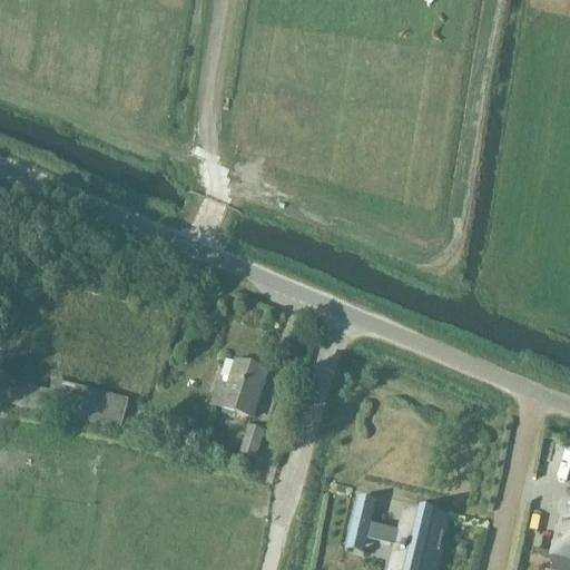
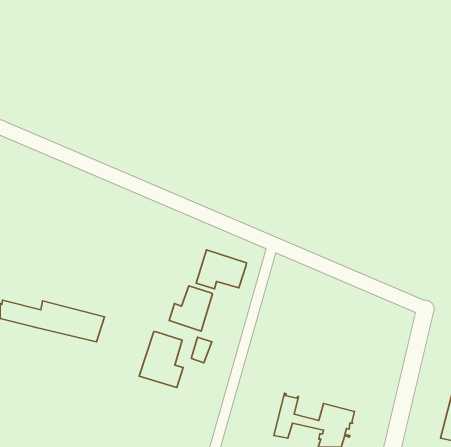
building: none -> [196,250,246,289]
building: none -> [139,332,183,388]

